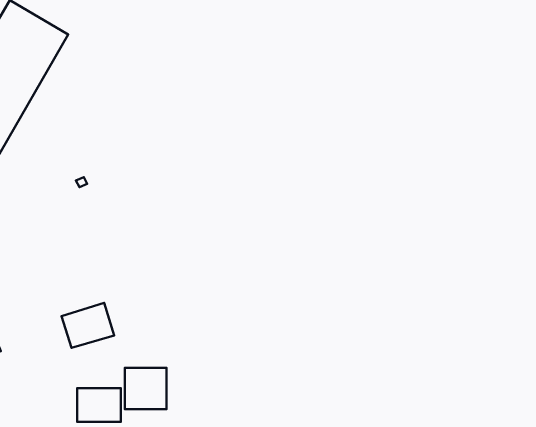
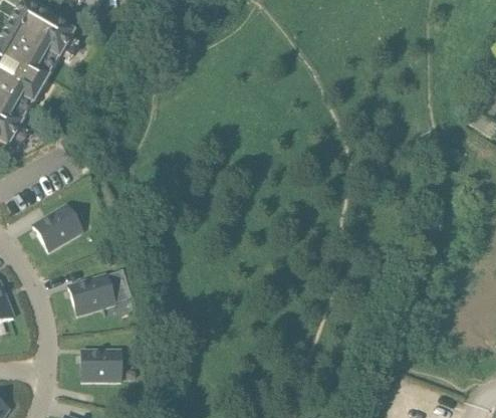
building: none -> [32,204,81,250]
building: [125,368,166,409] -> none

